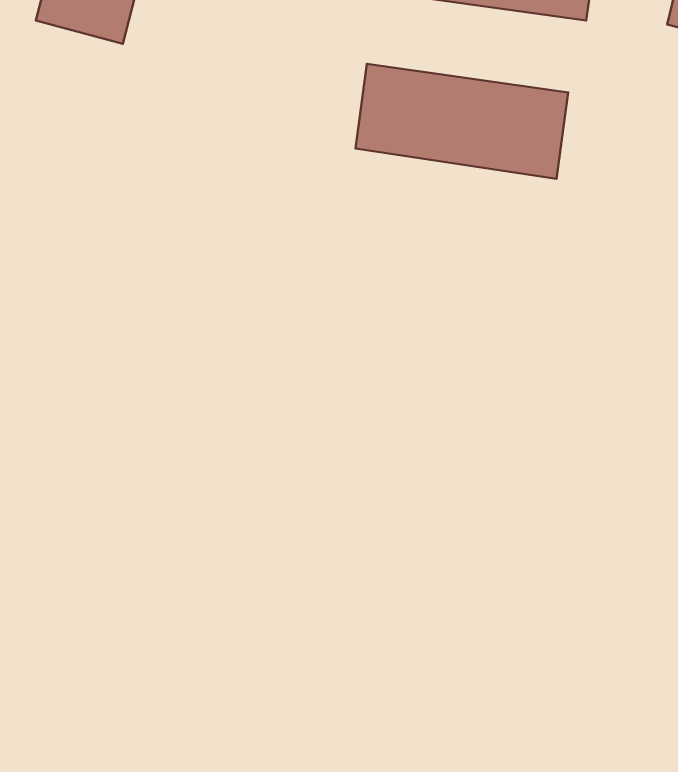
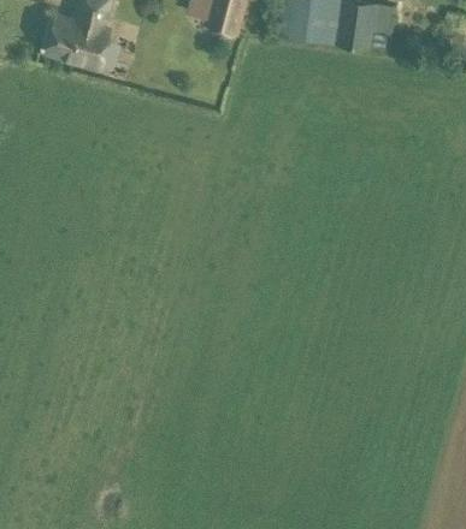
building: [356,64,568,179] -> none

